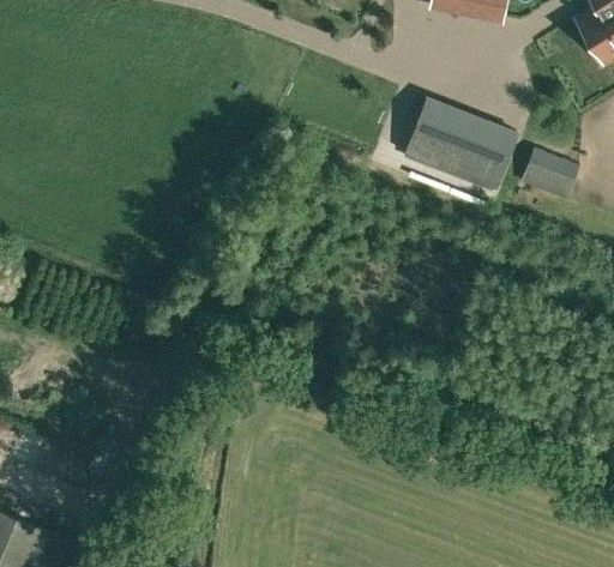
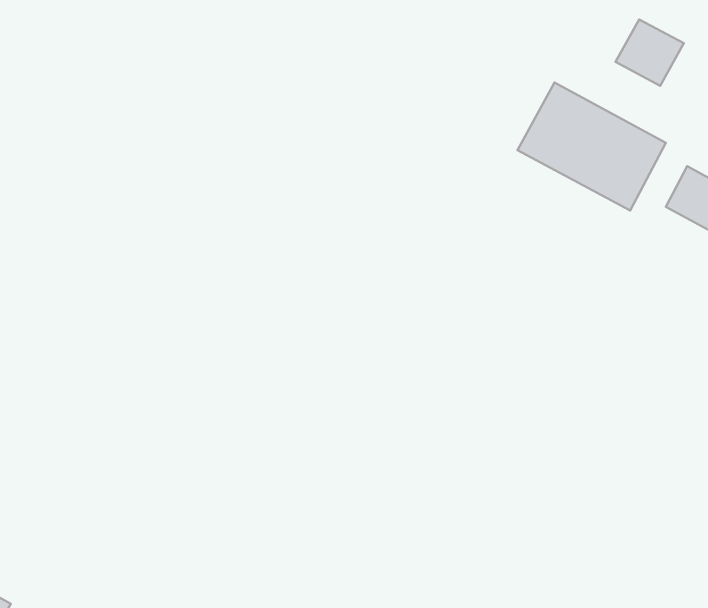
building: none -> [616,19,684,86]

